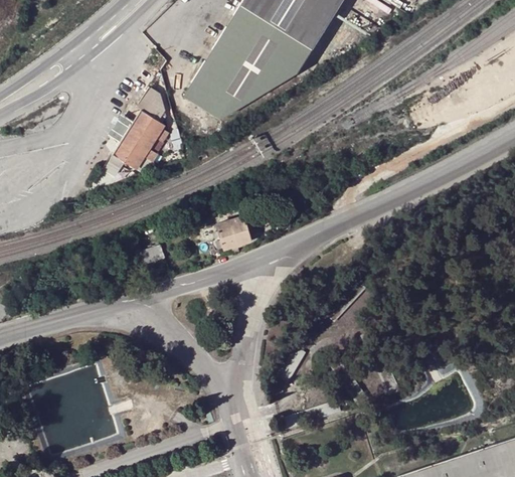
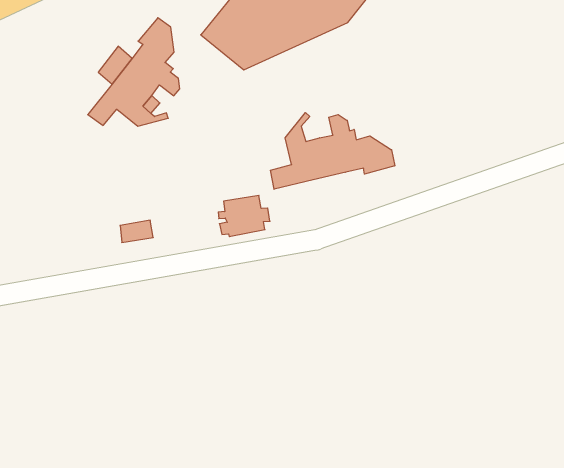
building: none -> [271,113,395,189]

